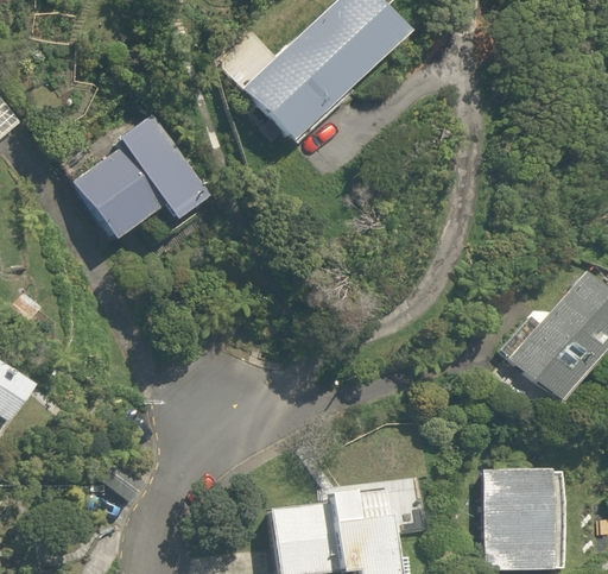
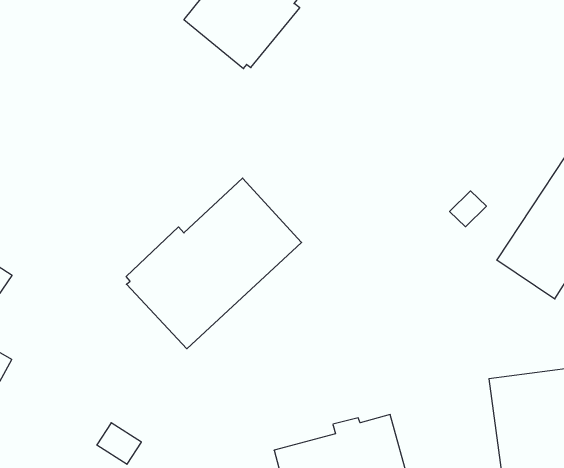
building: [72,112,214,240] -> none
building: none -> [126,178,302,349]

